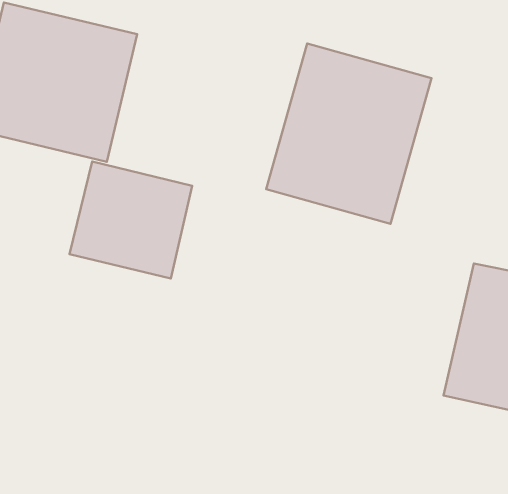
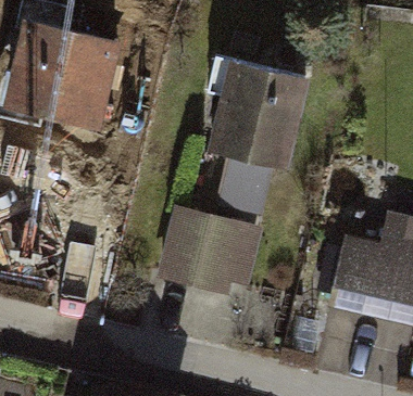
building: [69,162,192,278] -> [168,202,256,285]

